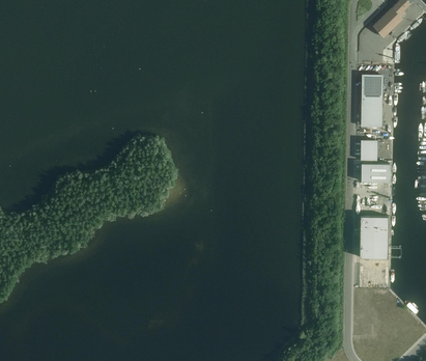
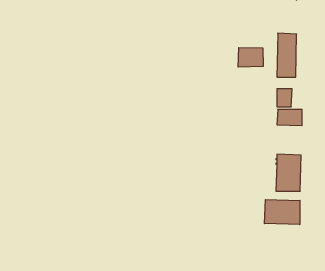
building: none -> [238,48,263,67]
building: none -> [264,200,300,225]

